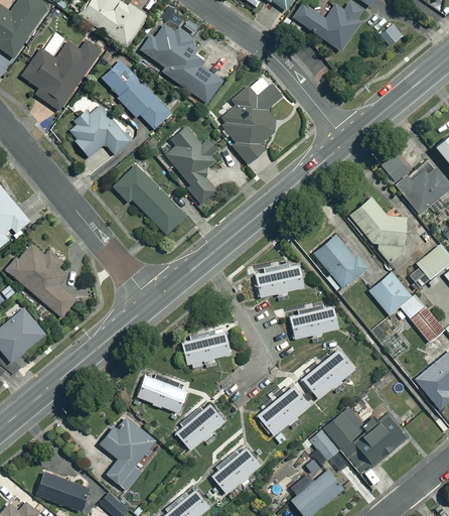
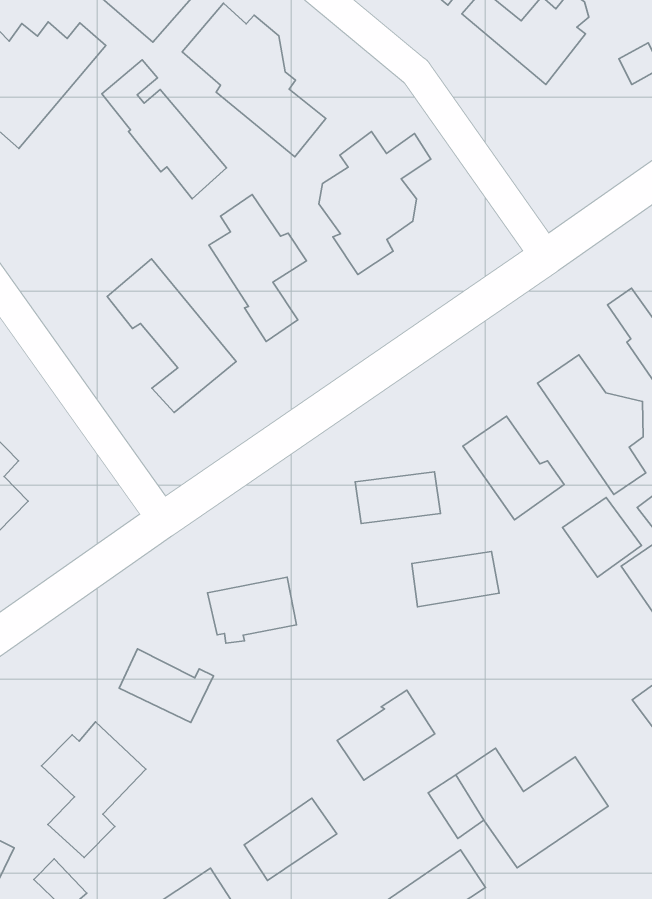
building: [66,104,132,157] -> none
building: [301,349,354,397] -> none
building: [175,403,226,449] -> none

